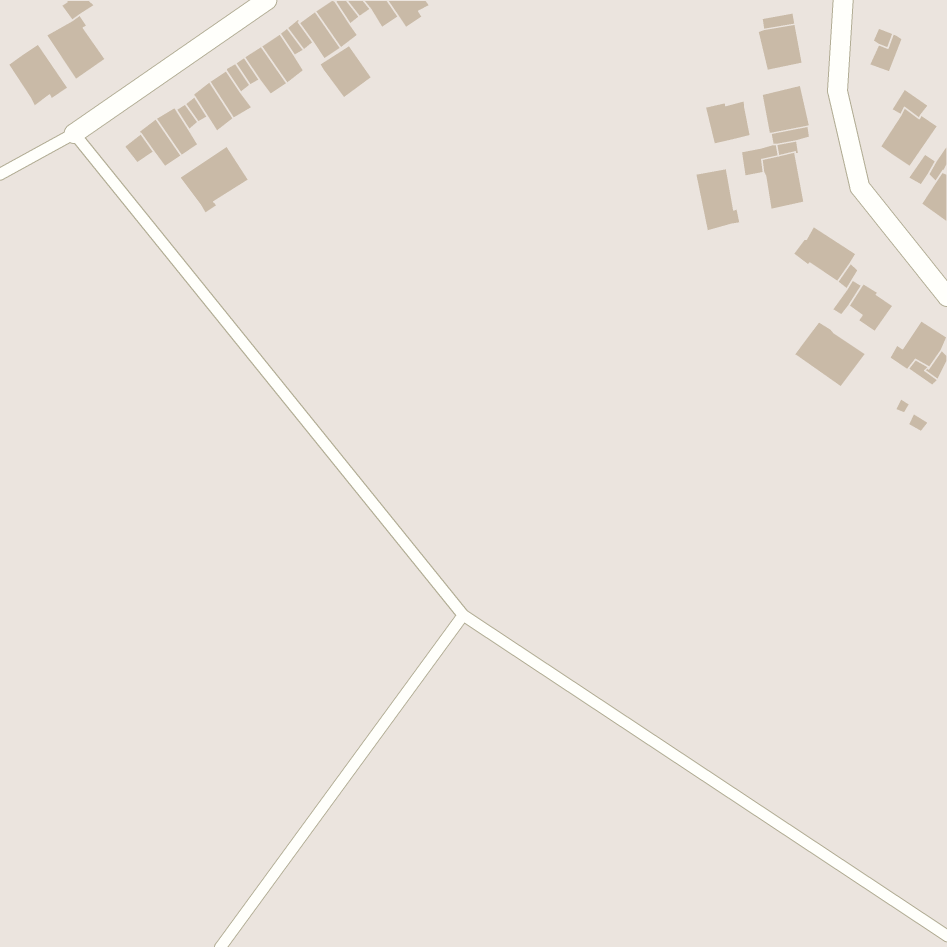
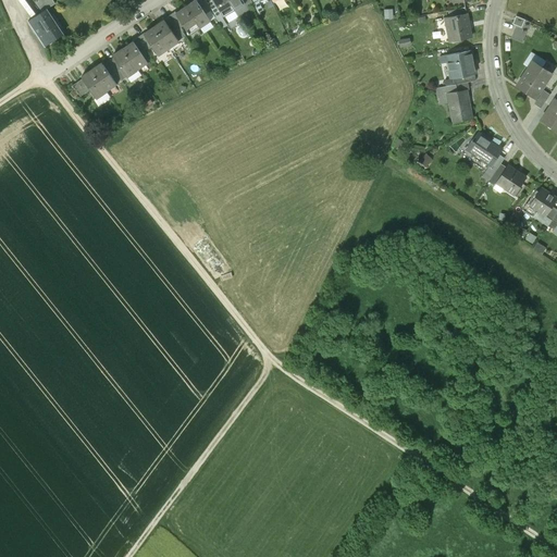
building: [8,44,68,107] -> none
building: [320,45,372,98] -> none
building: [705,101,751,144] -> none
building: [179,146,249,213] -> none
building: [696,168,740,231] -> none
building: [794,321,866,387] -> none

